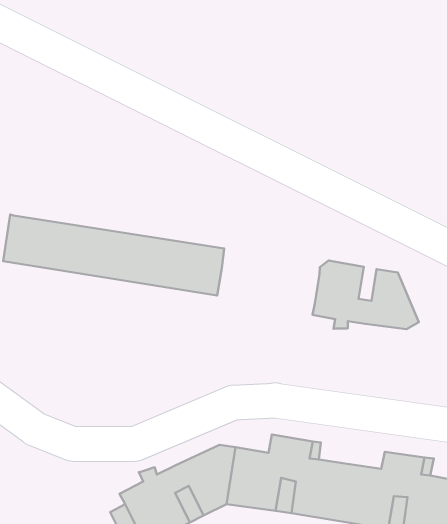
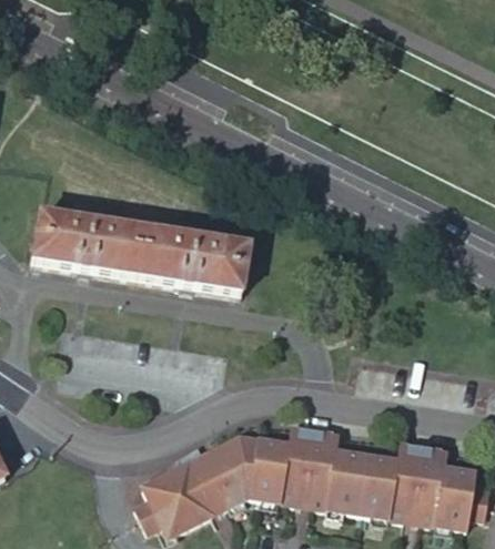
building: [313,261,419,329] -> none

